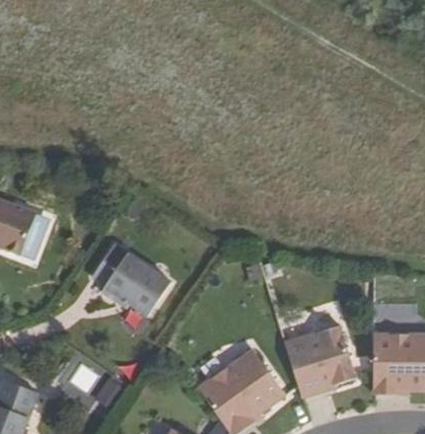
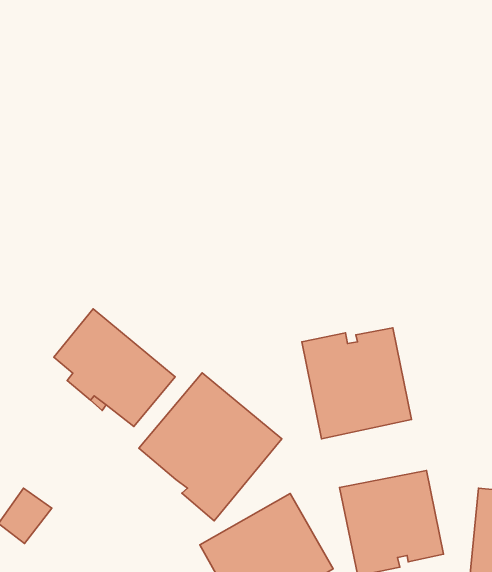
building: none -> [302,328,412,439]
building: none -> [139,373,282,521]

